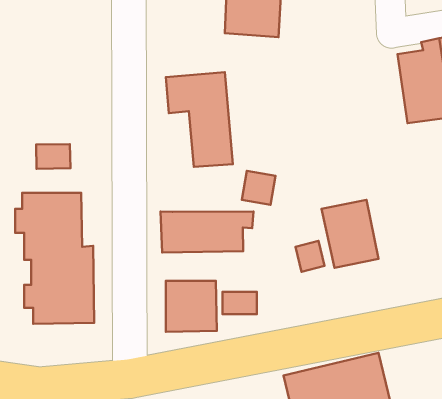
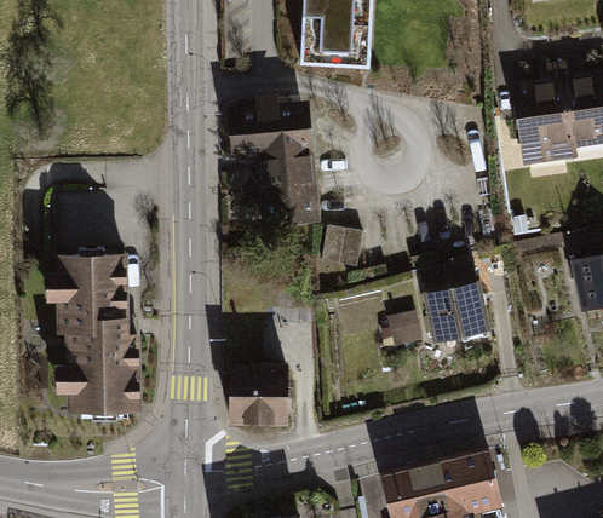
building: [36,144,70,169] -> none
building: [161,211,253,252] -> none
building: [222,292,257,314] -> none

